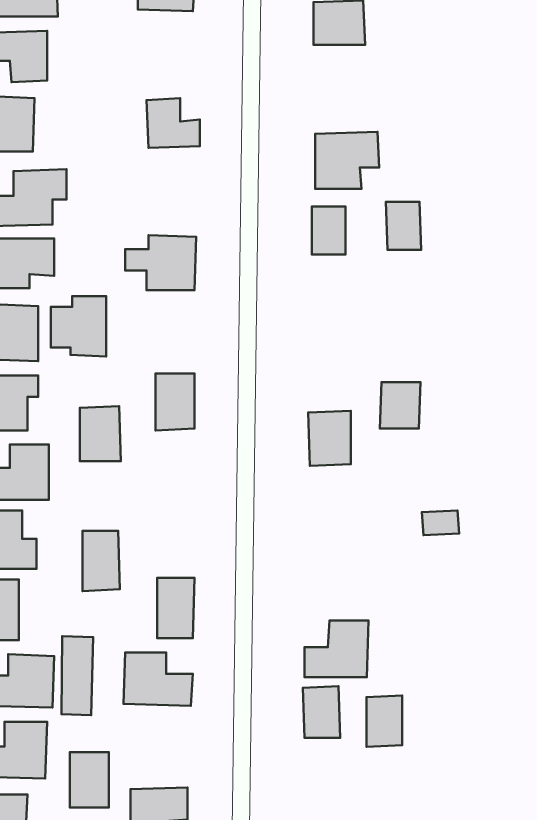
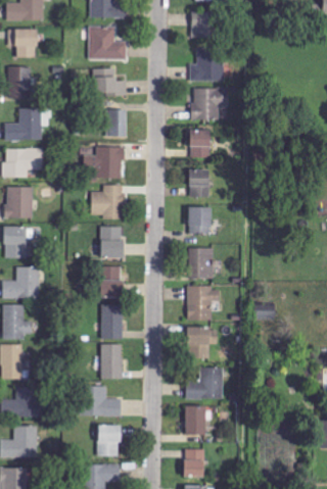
building: none -> [89,25,127,59]
building: none -> [190,49,224,81]
building: none -> [106,109,127,137]
building: [386,202,421,250] -> [189,169,209,197]
building: [51,296,106,357] -> [91,185,123,219]
building: [380,382,421,428] -> [188,207,212,234]
building: [80,406,121,461] -> [100,265,124,297]
building: none -> [187,286,219,321]
building: [83,531,120,591] -> [101,304,123,339]
building: none -> [187,328,218,356]
building: [61,636,93,715] -> none
building: [366,695,402,747] -> [184,448,204,478]
building: [70,752,109,807] -> [97,425,120,456]

